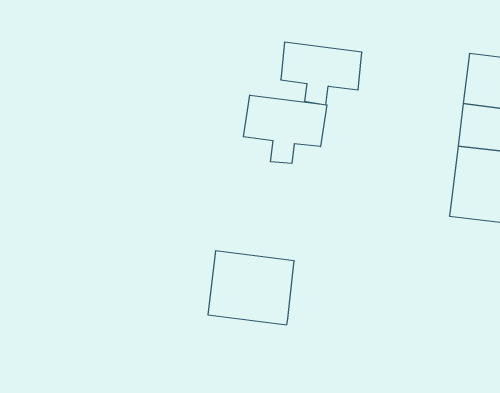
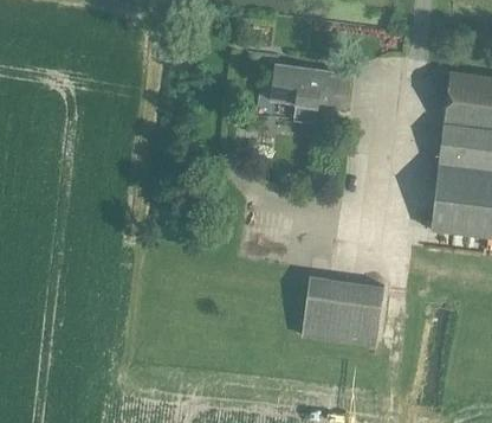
building: [243,95,327,163] -> none
building: [208,251,294,325] -> [302,276,383,346]

